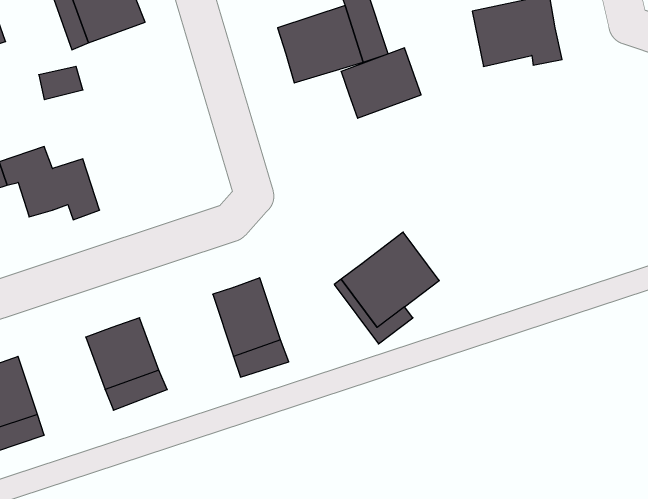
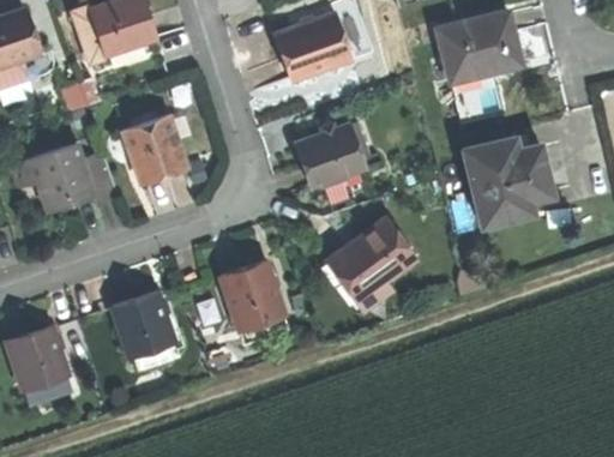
building: [341,48,421,118] -> [299,130,368,191]
building: none -> [121,113,185,178]
building: none -> [465,136,553,223]

